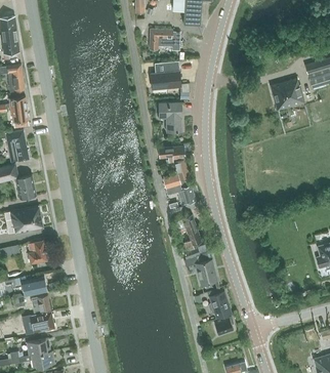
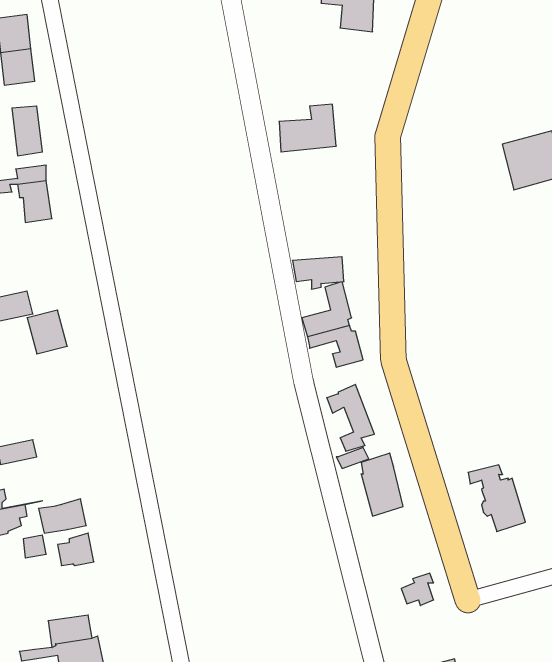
building: [149,28,180,50] -> none
building: [159,101,181,131] -> none
building: [6,129,29,162] -> none
building: [10,205,44,233] -> none
building: [27,239,48,263] -> none
building: [201,283,232,319] -> [468,465,525,532]
building: [30,312,54,332] -> none

